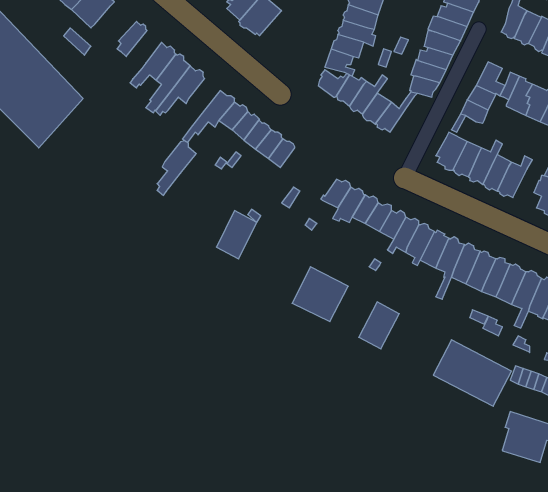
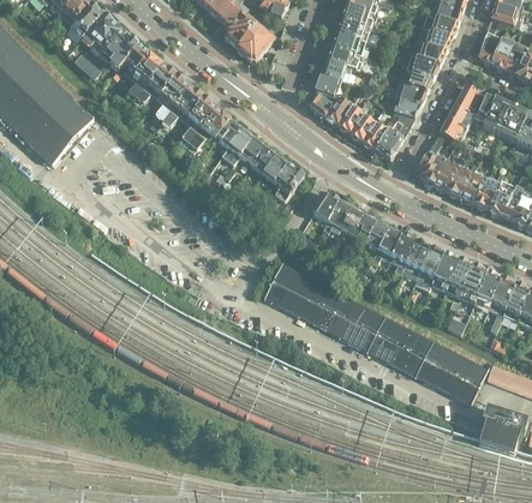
building: none -> [100,34,142,70]
building: none -> [128,56,165,104]
building: none -> [375,114,413,160]
building: [157,141,196,195] -> [183,100,219,150]
building: none -> [273,164,303,200]
building: none -> [488,184,514,220]
building: [216,211,257,259] -> [264,263,301,307]
building: none -> [319,292,363,339]
building: none -> [366,317,431,373]

